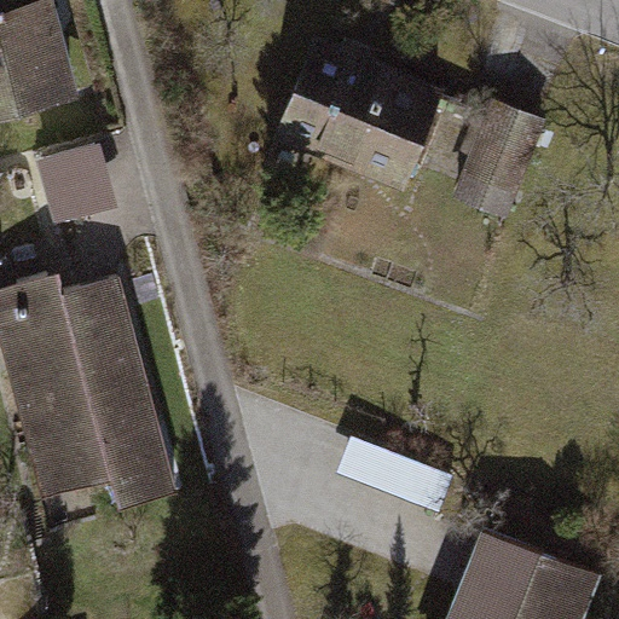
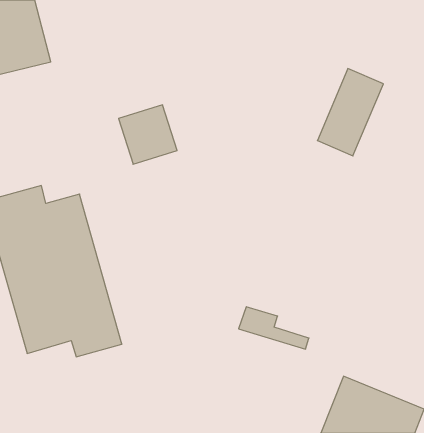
building: [294,37,468,179] -> none
building: [34,139,117,224] -> [119,105,177,164]

